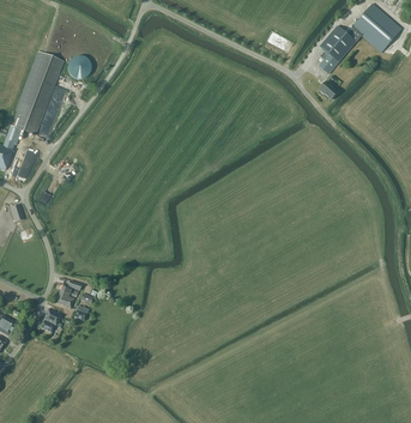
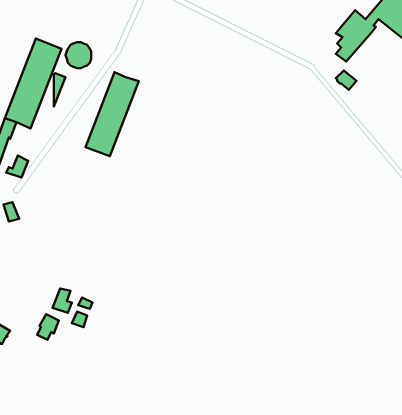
building: none -> [86,72,139,156]

